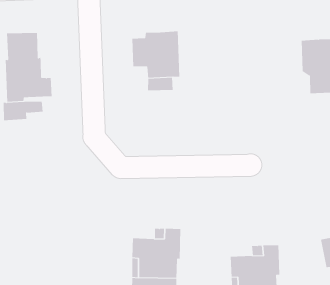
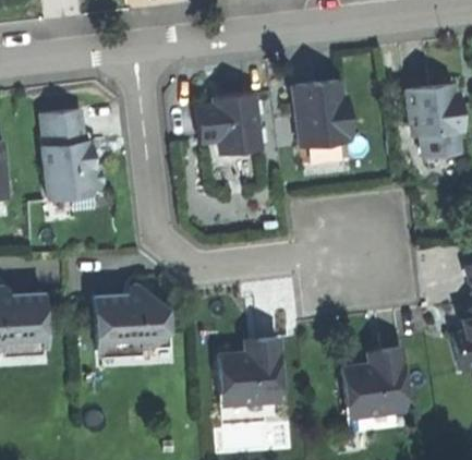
building: none -> [295,80,351,145]
building: none -> [94,293,167,350]

